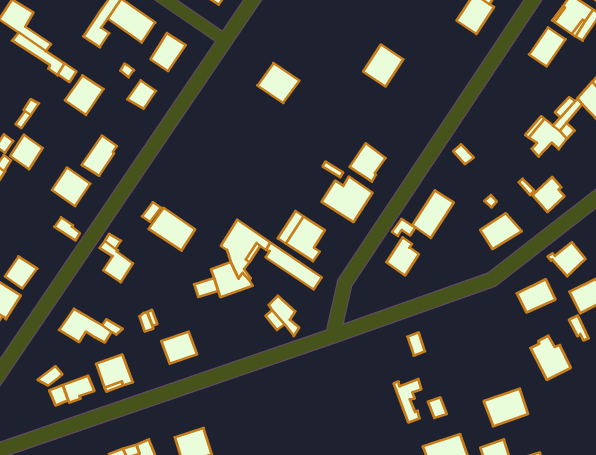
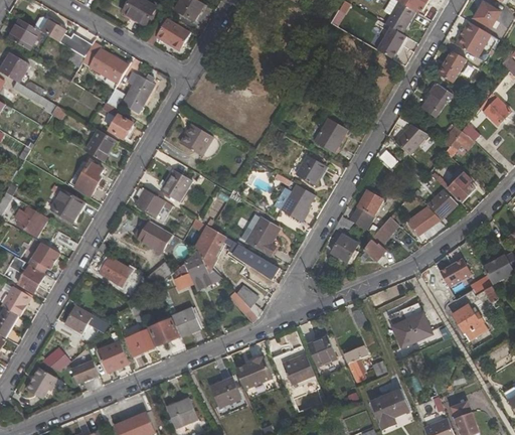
building: [363,45,403,86] -> [315,118,347,152]
building: [257,63,299,103] -> [180,124,214,156]
building: none -> [421,83,453,117]
building: [65,75,104,115] -> [85,130,117,162]
building: none -> [395,125,428,155]
building: [10,135,43,169] -> [17,206,43,235]
building: none -> [161,170,192,202]
building: none -> [136,189,166,218]
building: none -> [363,216,398,261]
building: none -> [28,243,60,273]
building: [548,242,585,276] -> [424,190,456,219]
building: none -> [172,308,201,336]
building: none -> [125,329,155,357]
building: none -> [307,335,337,367]
building: none -> [272,346,314,385]
building: none -> [26,367,57,398]
building: none -> [235,356,272,390]
building: [484,389,528,426] -> [393,314,431,346]
building: none -> [210,378,241,407]

